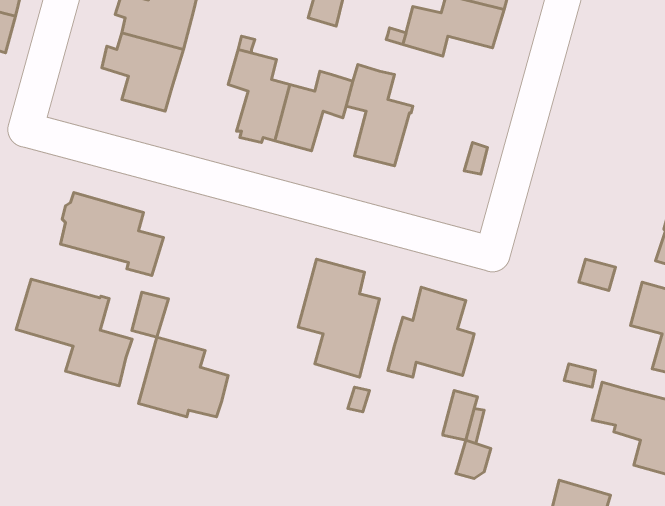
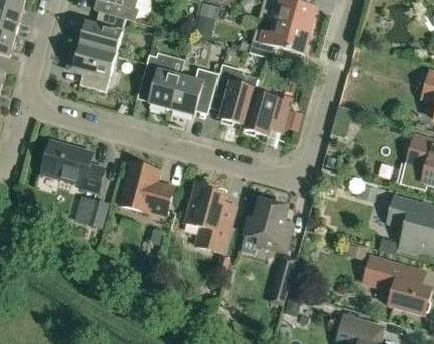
building: none -> [243,92,290,135]
building: [16,279,132,386] -> none
building: [139,337,228,417] -> [119,162,173,211]

